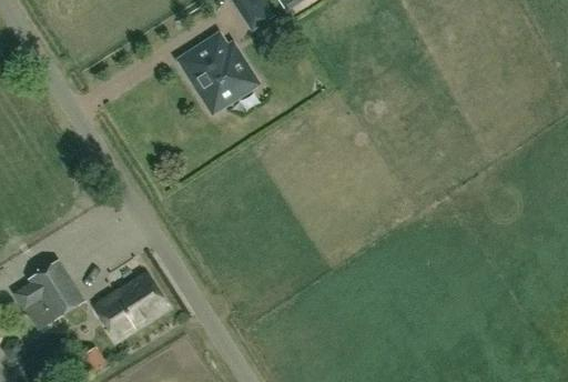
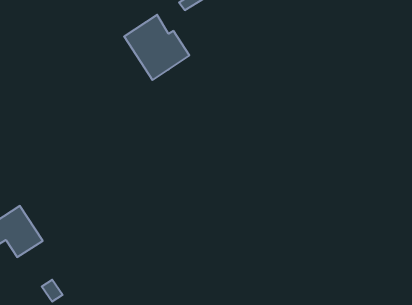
building: [93,272,168,339] -> none

